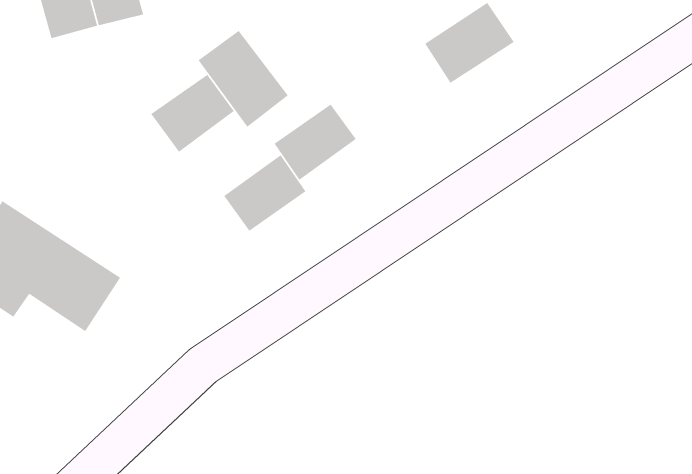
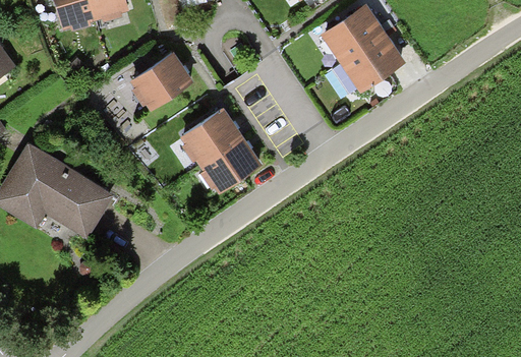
building: [198,30,289,128] -> none
building: none -> [343,32,408,91]
building: [273,103,357,181] -> [200,137,259,192]

